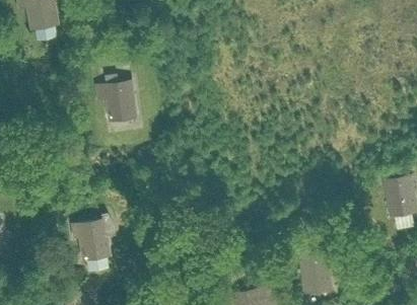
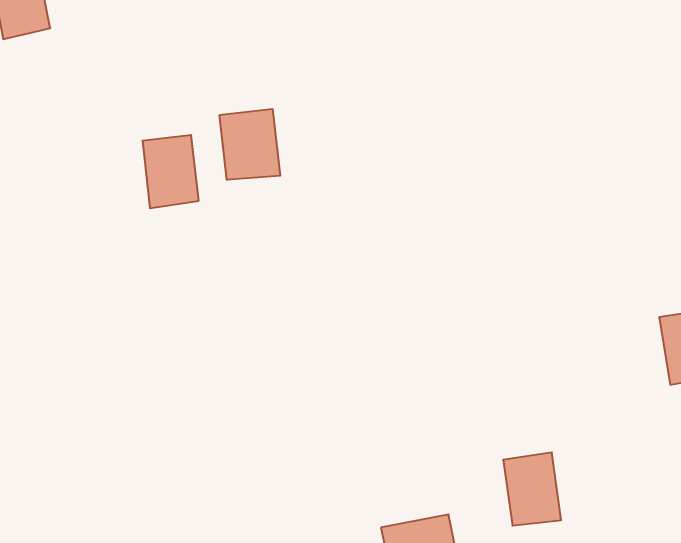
building: none -> [220,109,280,180]
building: [76,219,108,259] -> none

